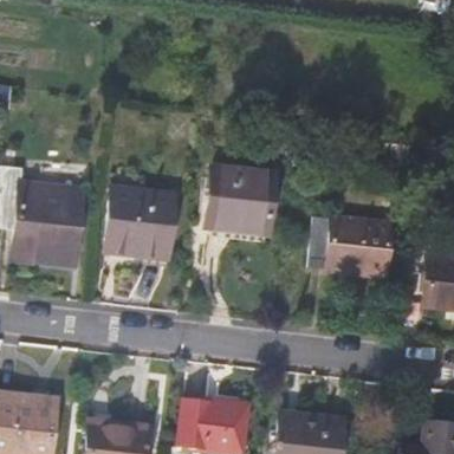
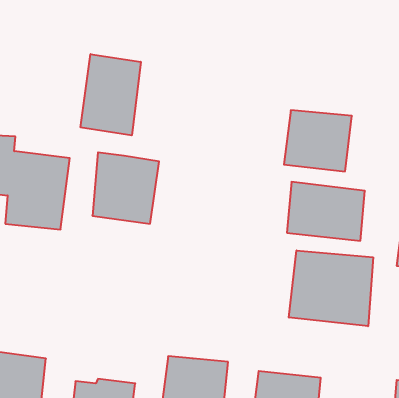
building: none -> [81,54,141,135]
building: [206,168,277,232] -> [284,110,352,171]
building: none -> [289,250,373,326]

